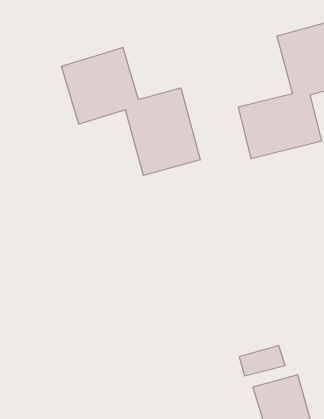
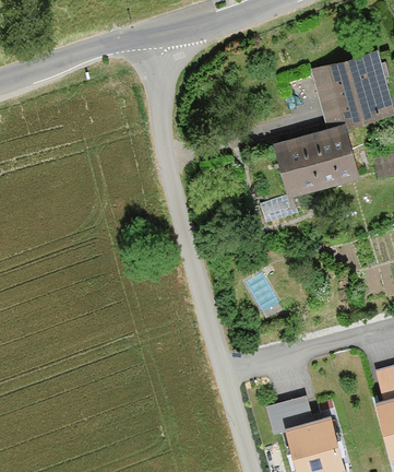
building: [62,47,200,175] -> none

